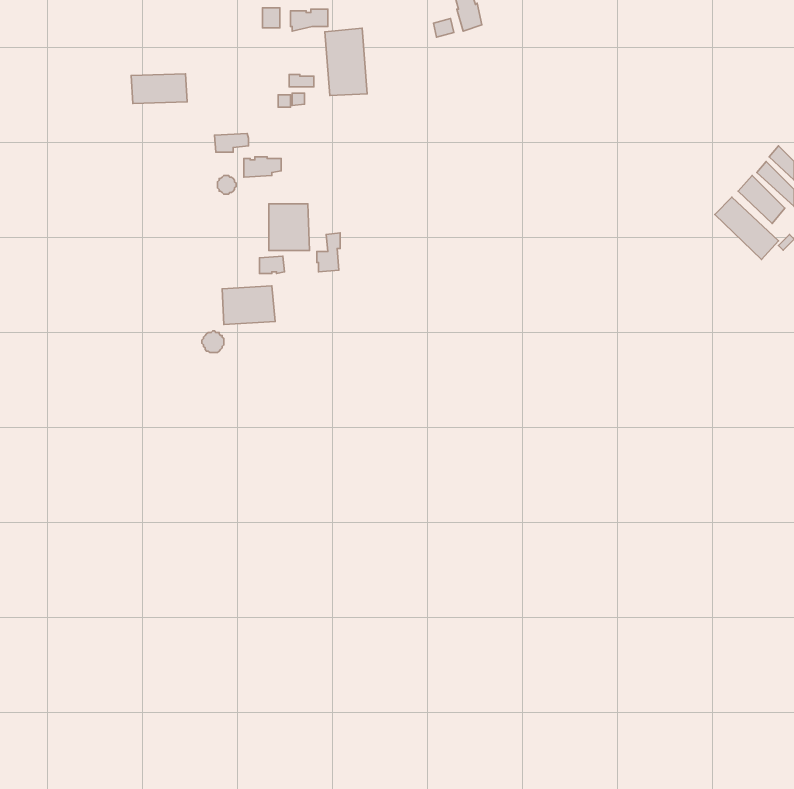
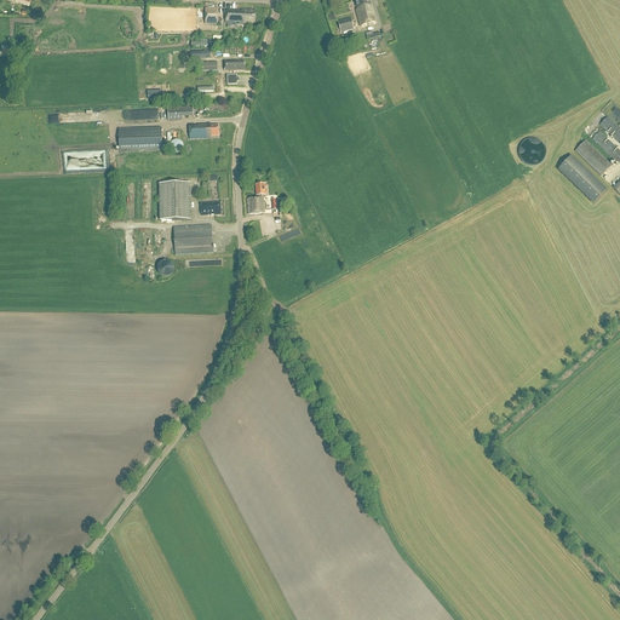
building: [325,28,367,95] -> none
building: [131,74,187,103] -> [120,127,163,150]
building: [269,204,309,250] -> [160,182,191,218]

